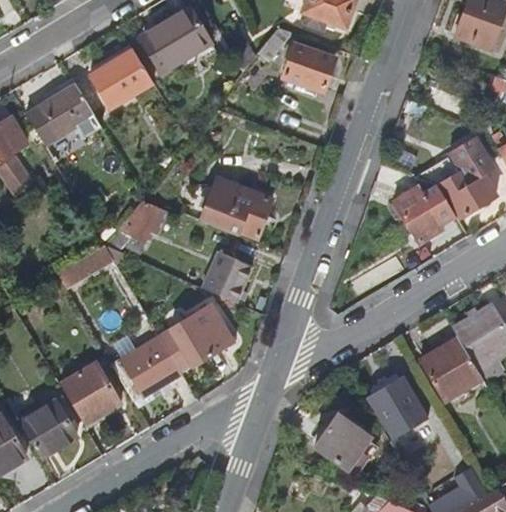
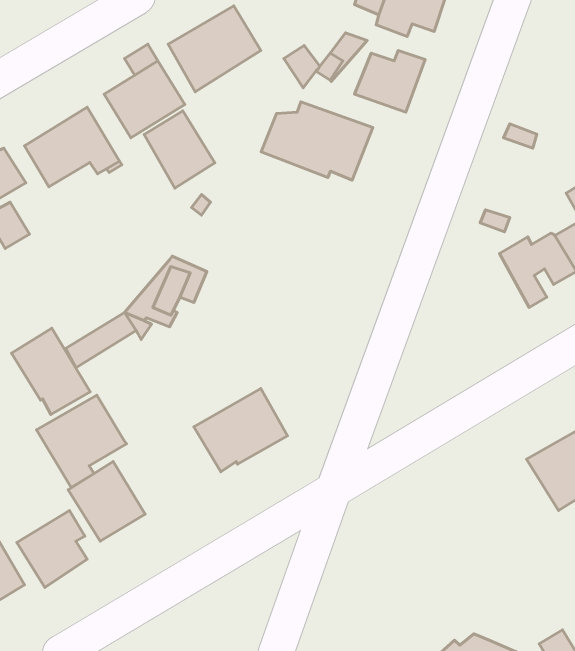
building: none -> [144,111,215,188]
building: [186,177,273,238] -> [261,102,373,180]
building: [201,251,252,302] -> none
building: none -> [11,328,90,415]
building: [112,334,182,406] -> [36,395,126,488]
building: [366,374,430,439] -> none
building: [318,412,380,466] -> none

